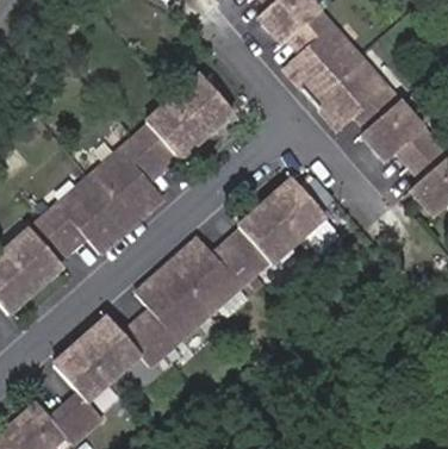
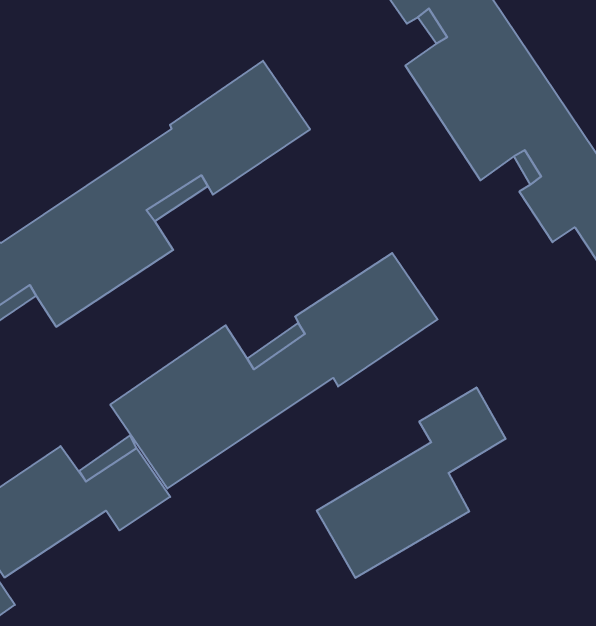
building: none -> [317,387,506,578]

